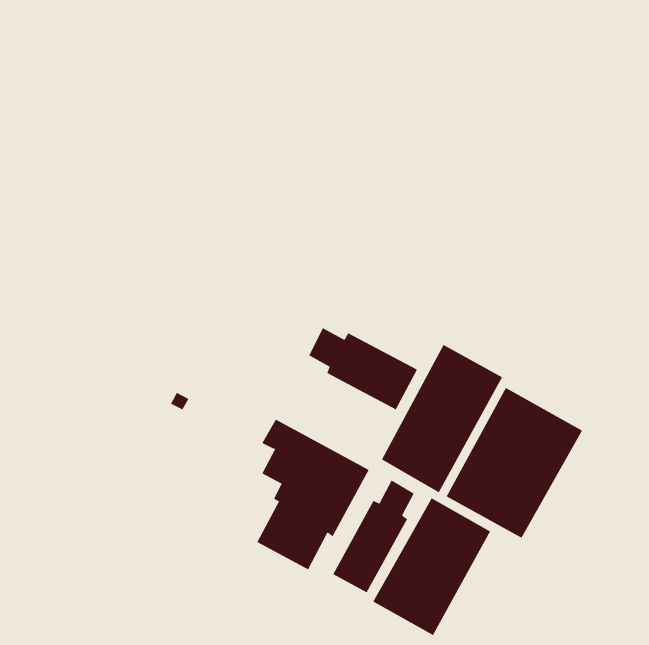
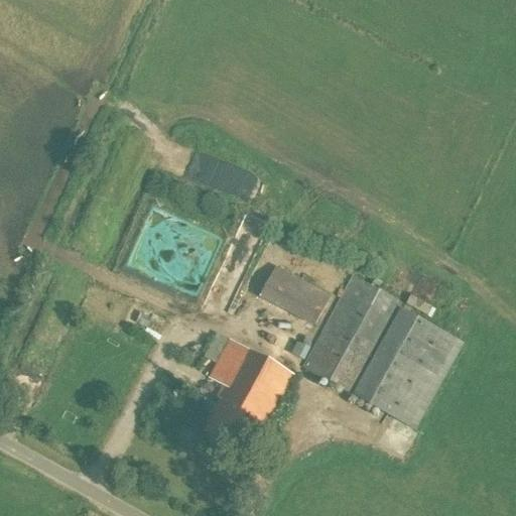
building: [332,480,415,593] -> none
building: [372,498,491,636] -> none

